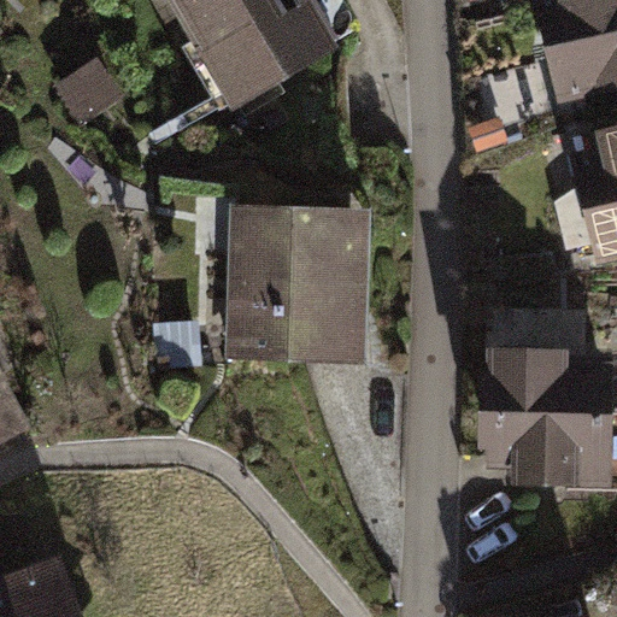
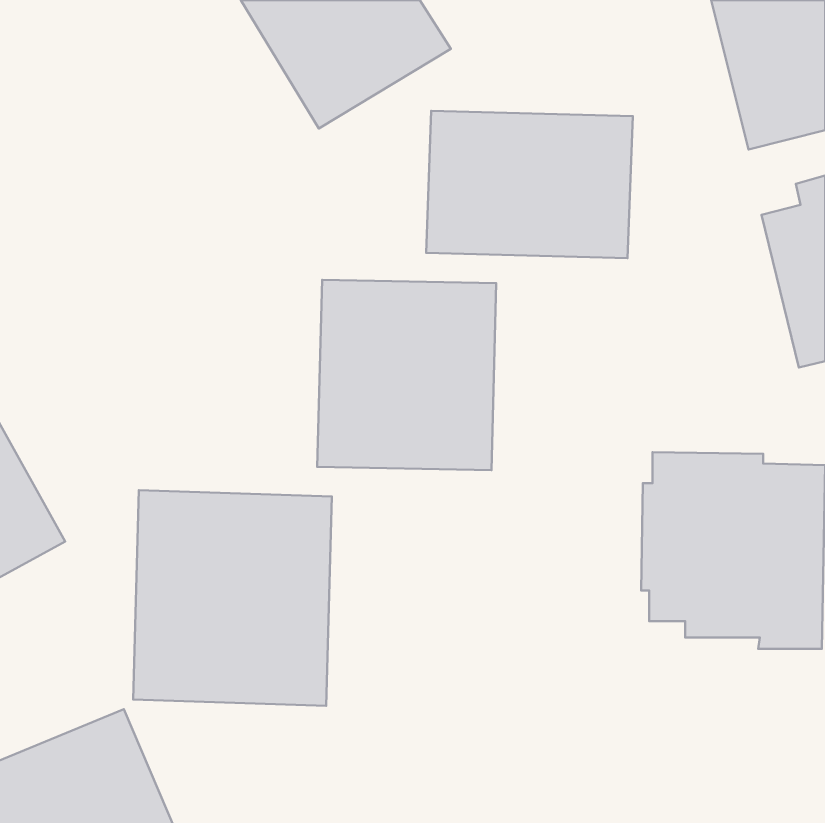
building: none -> [426,111,633,258]
building: none -> [133,490,332,706]

